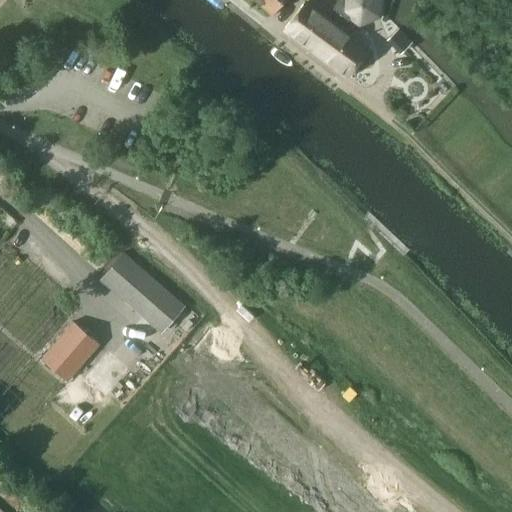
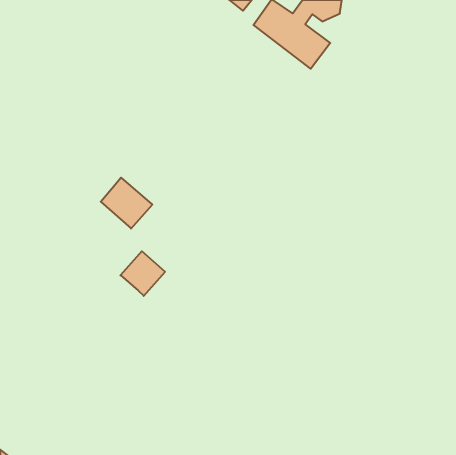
building: [101,253,159,310] -> [101,178,152,229]
building: [41,322,99,381] -> none

